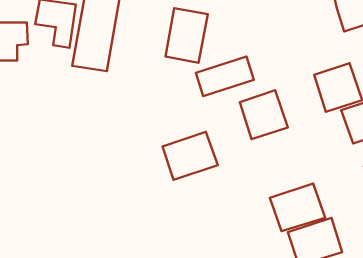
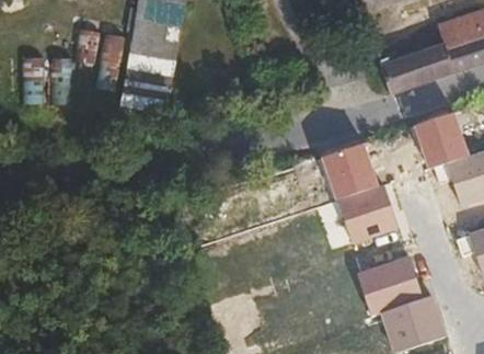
building: [165,8,208,63] -> none
building: [196,56,254,96] -> [378,42,448,90]
building: [163,132,218,180] -> [336,189,403,247]

